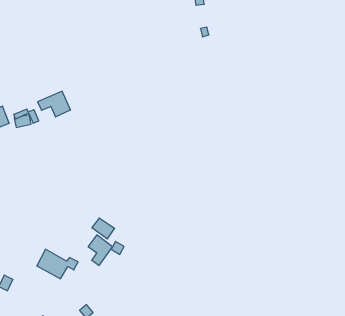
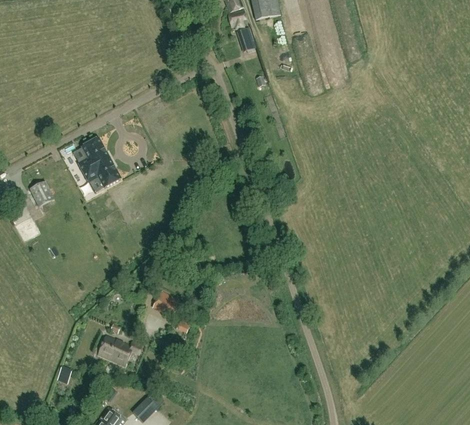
building: none -> [78,138,109,173]
building: [88,235,113,266] -> none

